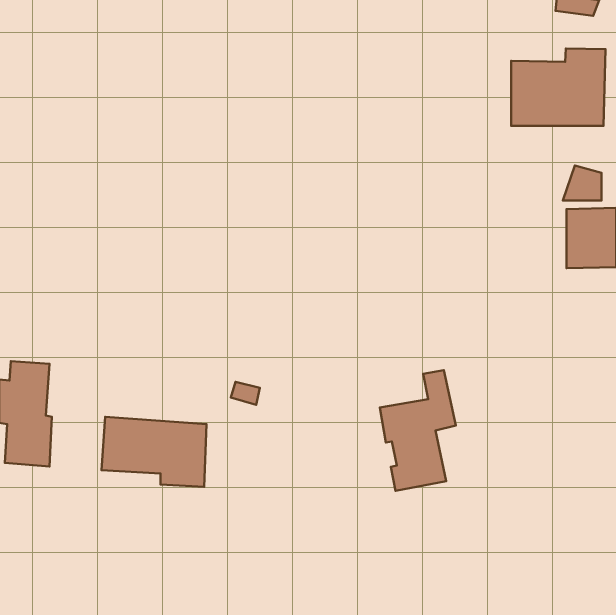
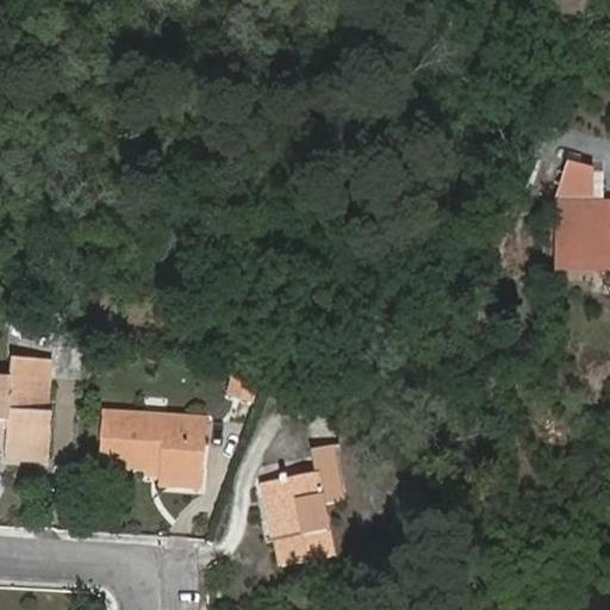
building: [511,48,605,126] -> none
building: [380,370,456,491] -> [267,444,342,564]

